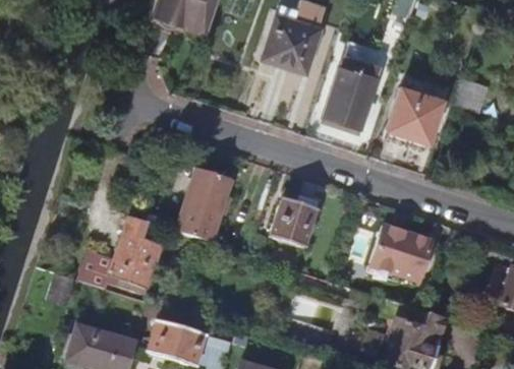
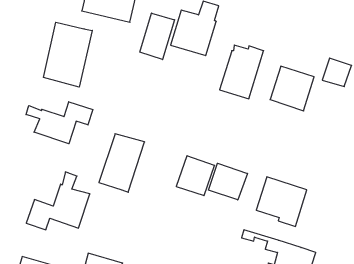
building: none -> [140,13,175,60]
building: none -> [44,22,92,87]
building: none -> [26,102,93,144]
building: none -> [209,163,247,200]

